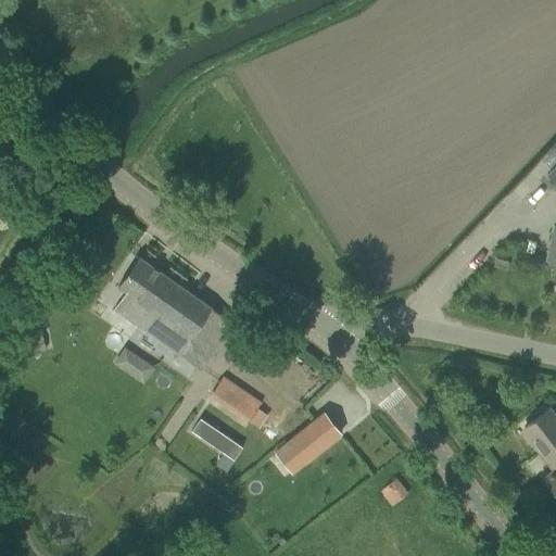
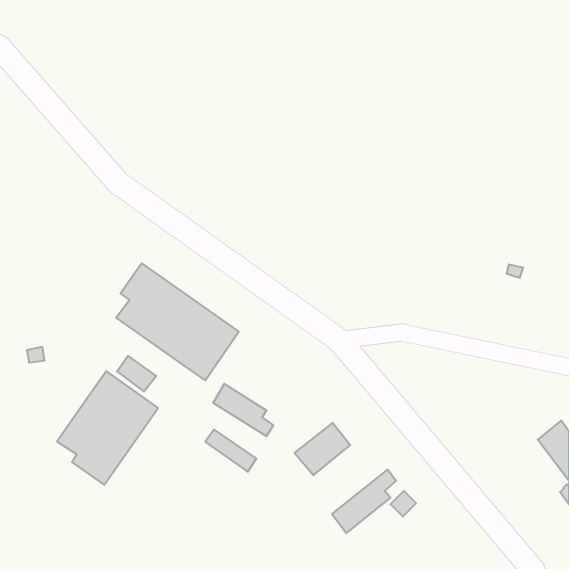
building: none -> [57,371,158,485]
building: none -> [332,470,396,533]

